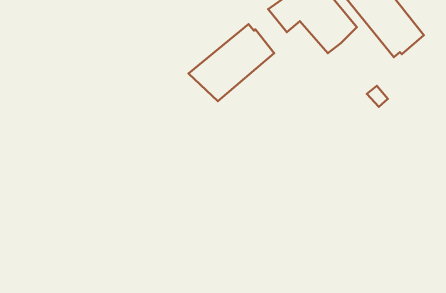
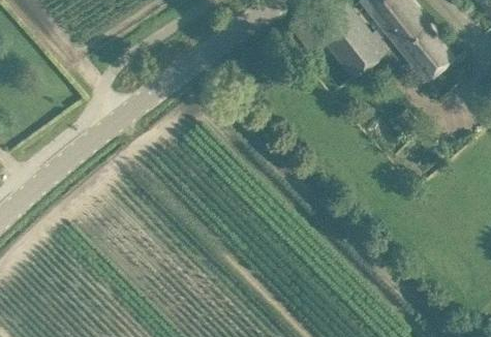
building: [189,24,274,101] -> none

